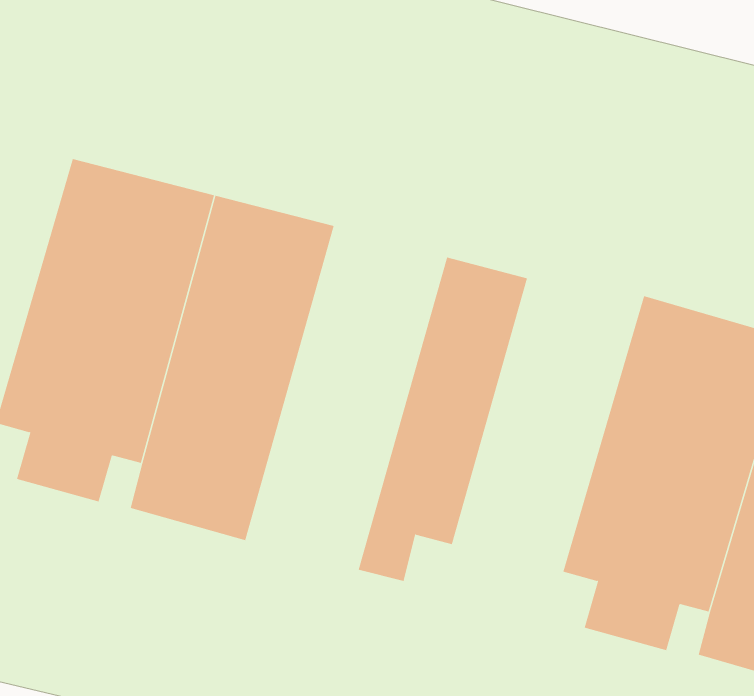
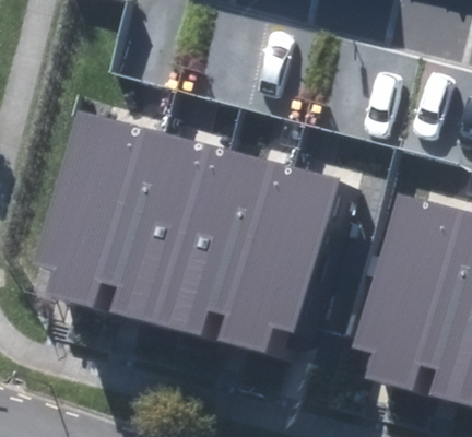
building: none -> [176,151,290,345]

